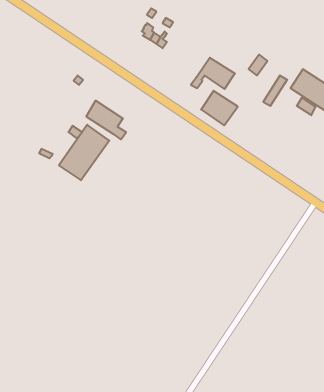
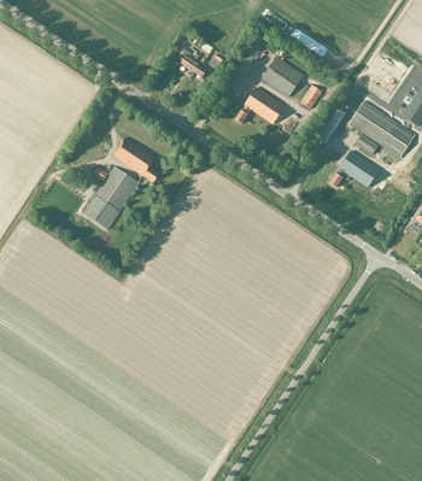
building: [201,91,238,125] -> [262,57,304,96]
building: none -> [329,151,379,187]

